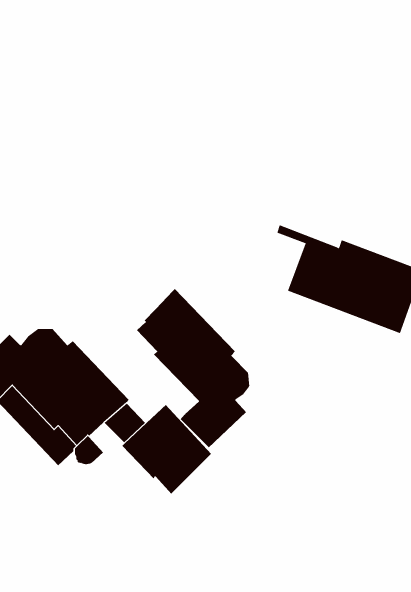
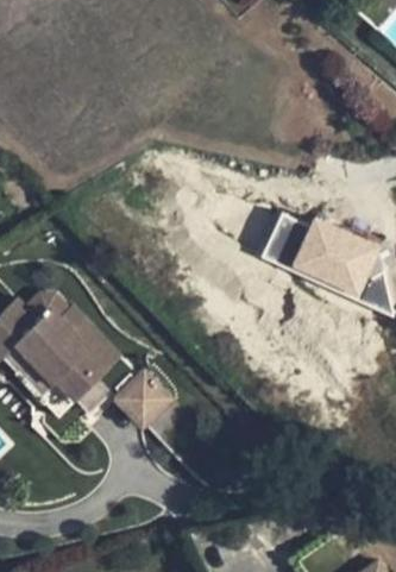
building: [136,288,250,448] -> none

